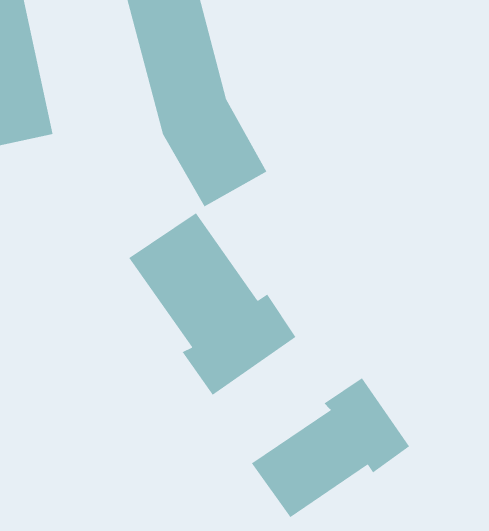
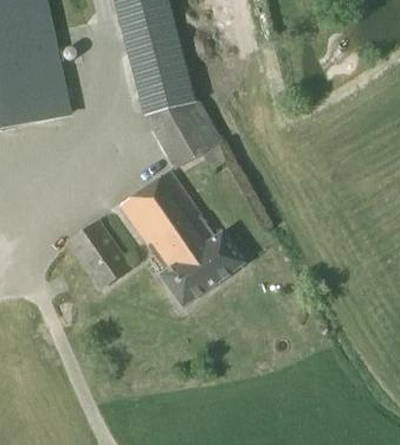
building: none -> [64,218,131,288]
building: [251,377,410,518] -> none

